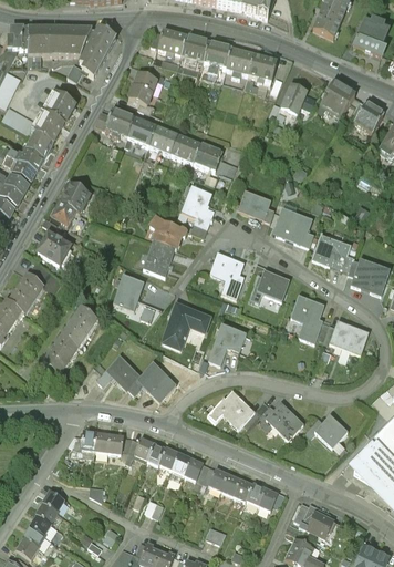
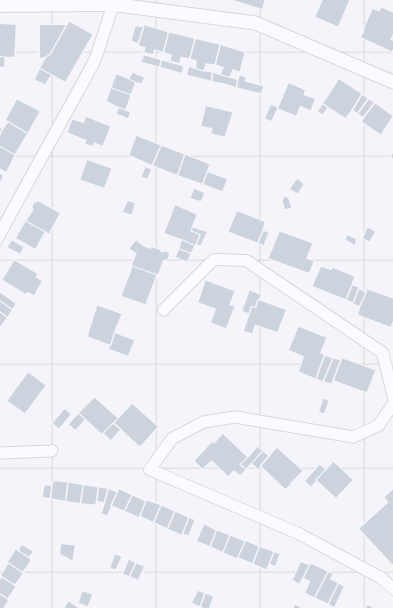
building: [50,29,71,59] -> none
building: [248,53,277,81] -> [200,106,233,137]
building: [127,118,156,144] -> [79,160,112,188]
building: [163,305,209,346] -> none
building: [61,308,97,347] -> none
building: [208,324,246,364] -> none

